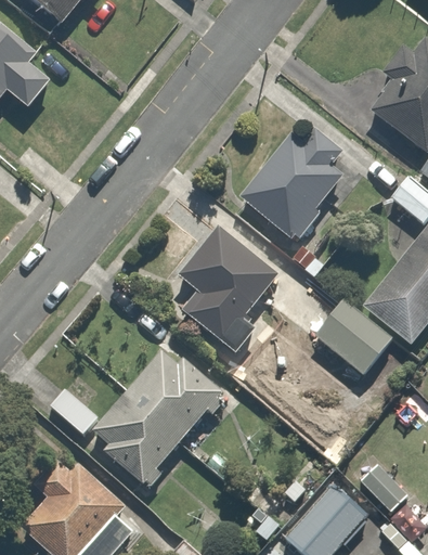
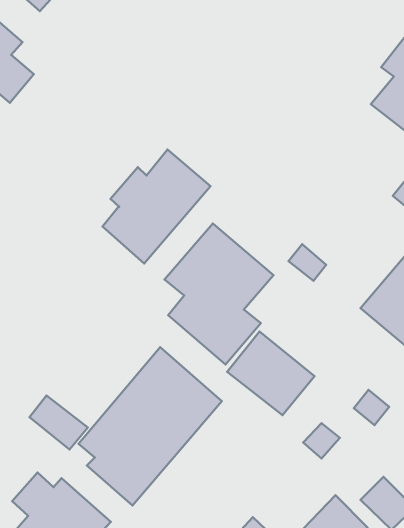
building: [238,127,348,241] -> none
building: none -> [103,150,210,264]
building: [311,298,393,377] -> [227,332,314,415]

